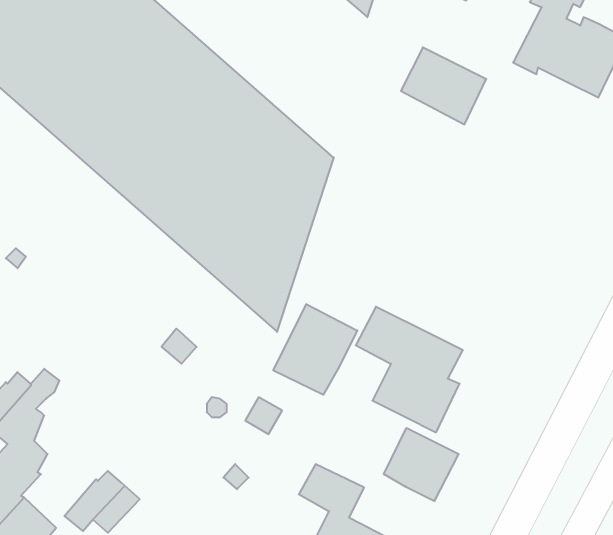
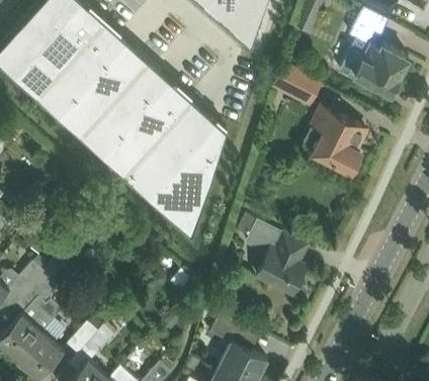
building: none -> [302,111,364,173]
building: [273,304,357,395] -> none
building: [384,428,459,501] -> none

